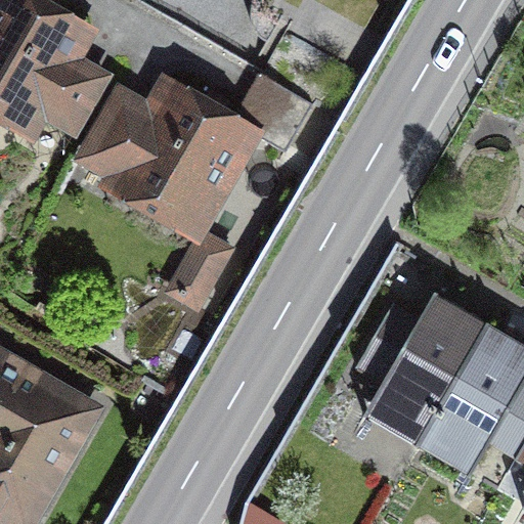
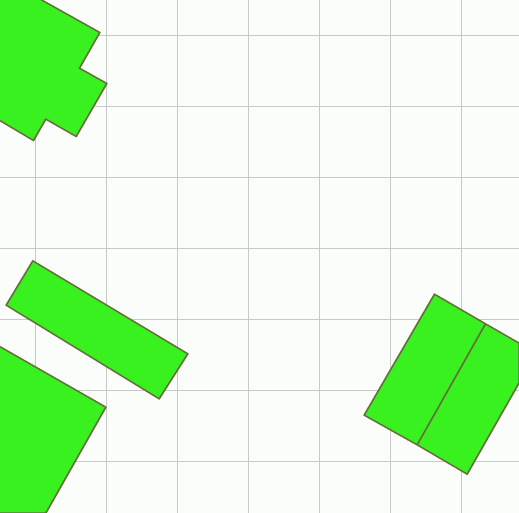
building: [87,68,309,227] -> none
building: none -> [6,261,188,399]

